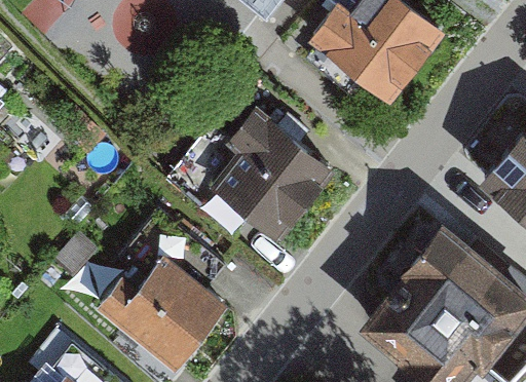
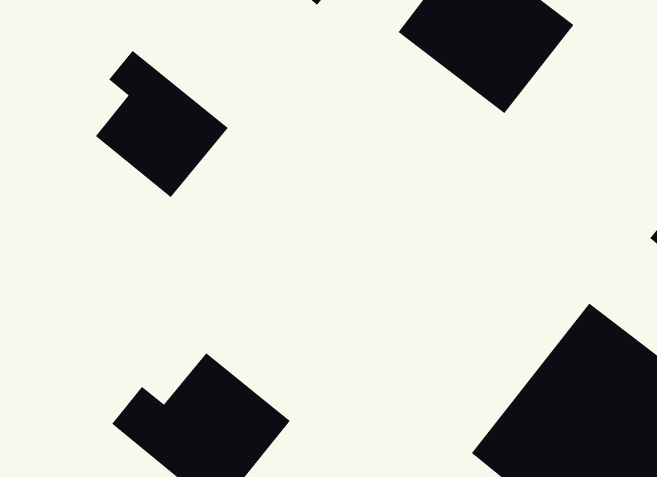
building: none -> [95,50,229,198]
building: [174,110,333,235] -> none

